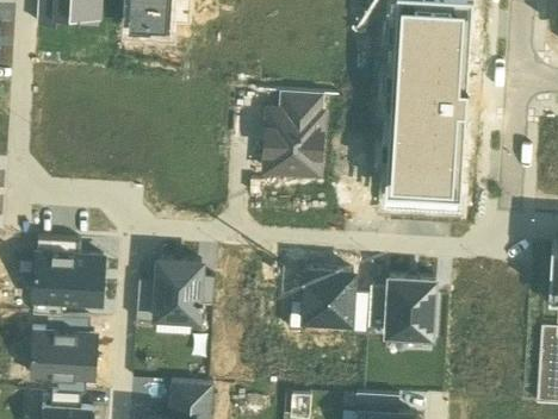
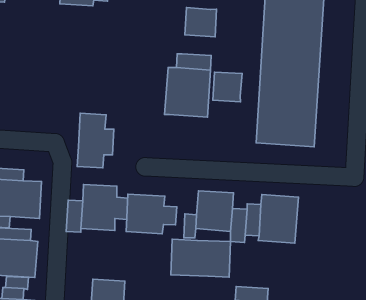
building: none -> [185,7,217,37]
building: none -> [213,72,242,102]
building: none -> [77,113,114,168]
building: none -> [126,194,177,234]
building: none -> [171,239,231,277]

